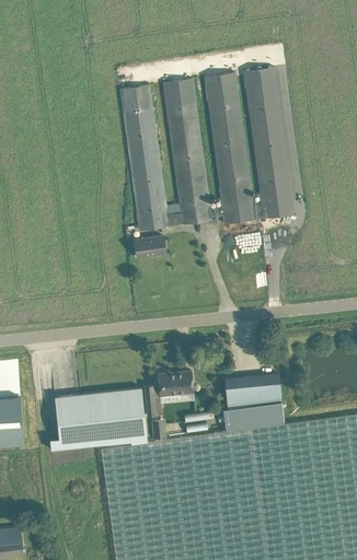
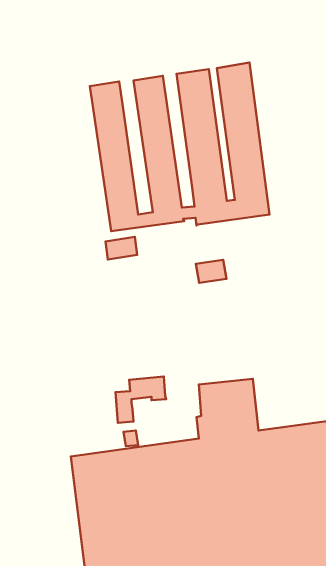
building: none -> [196,260,226,283]
building: [49,388,147,450] -> none

